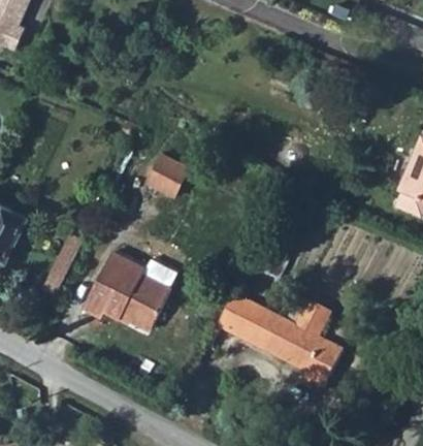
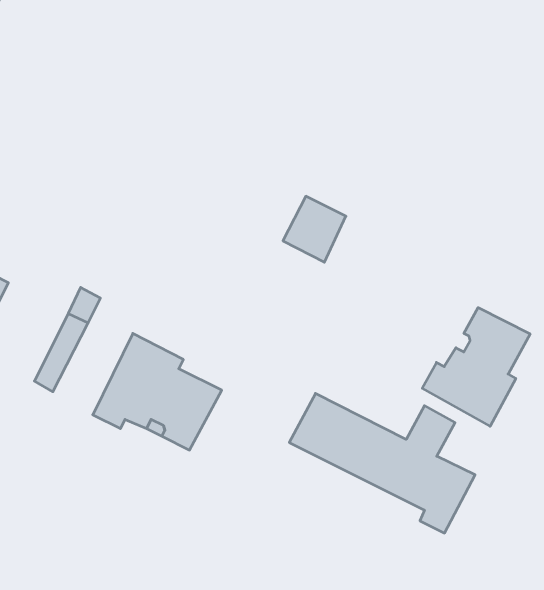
building: [147,154,189,198] -> [283,196,346,262]
building: none -> [422,308,530,426]

